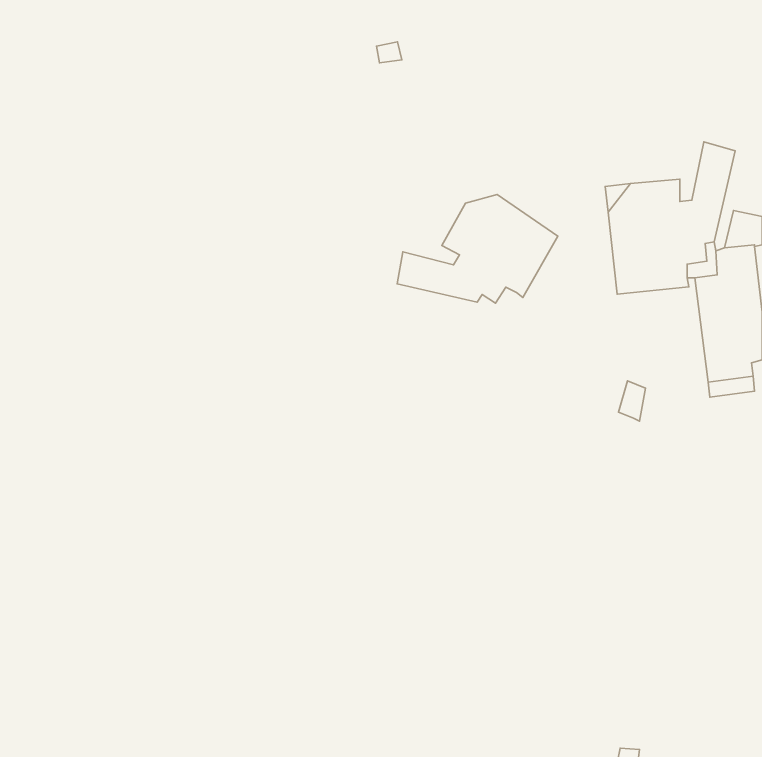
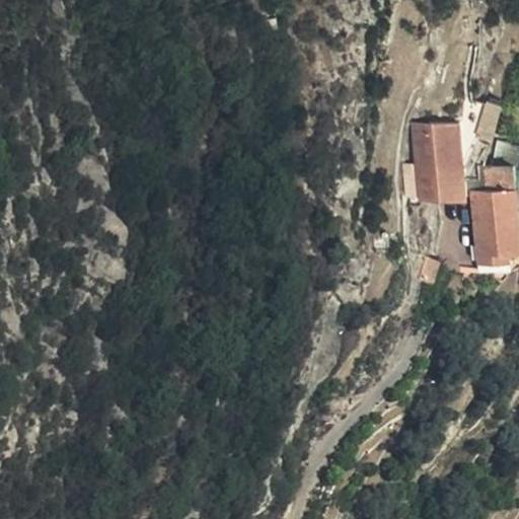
building: [397,194,558,303] -> none

